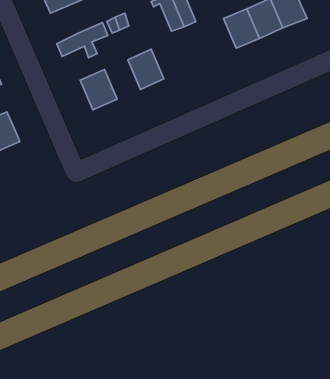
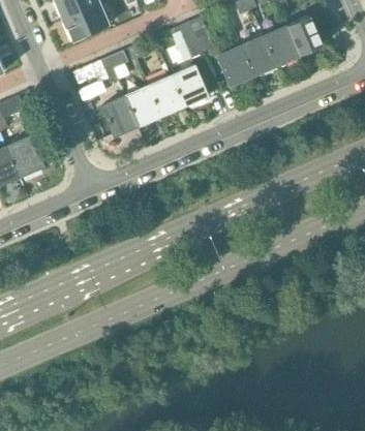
building: none -> [217,47,253,86]
building: none -> [171,67,206,105]
building: none -> [125,87,160,125]

